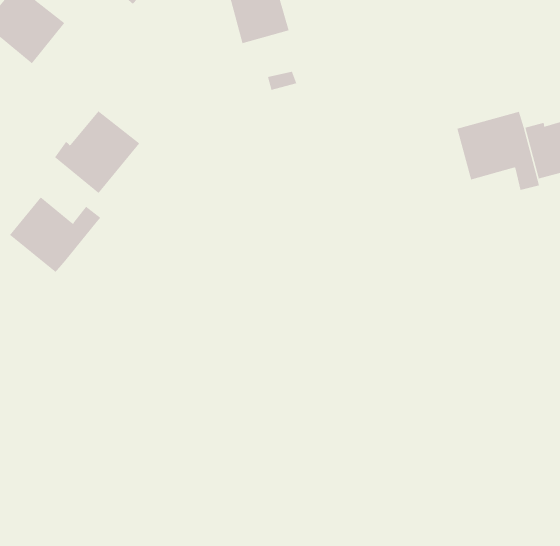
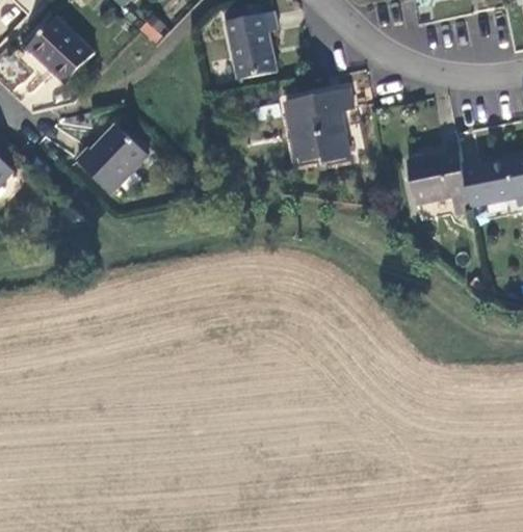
building: none -> [285,87,352,162]
building: [9,196,101,273] -> none

